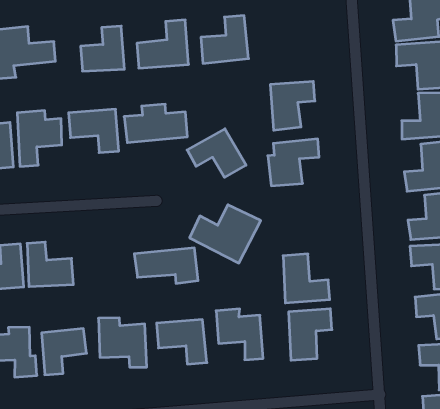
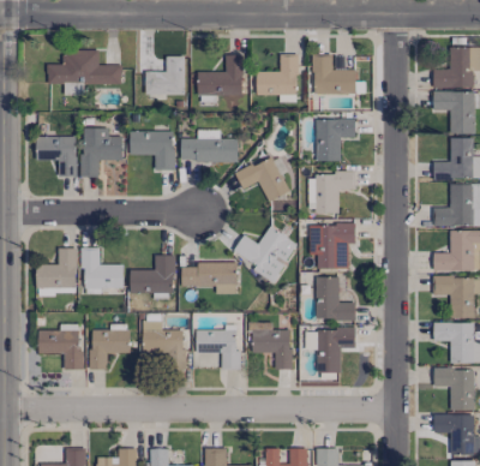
building: none -> [314,54,356,94]
building: none -> [310,223,356,268]
building: none -> [131,255,175,293]

